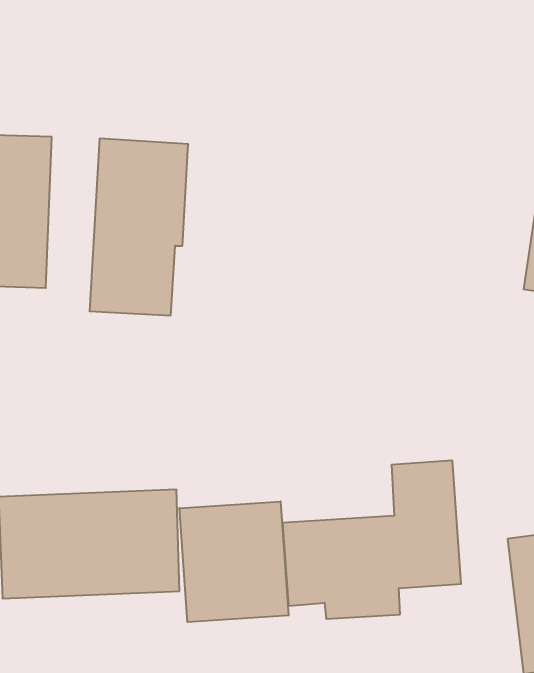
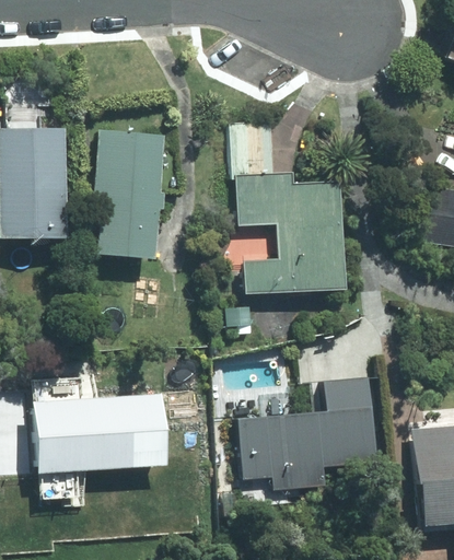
building: none -> [237,118,345,294]
building: [179,501,289,622] -> none

